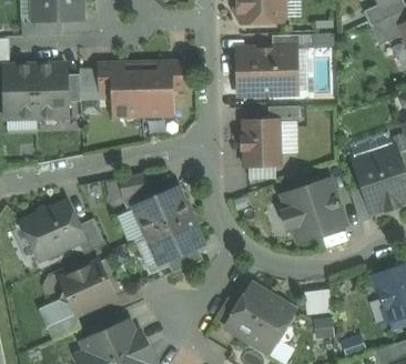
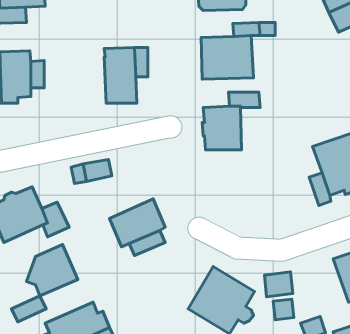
building: [97,61,142,118] -> none
building: [280,179,344,240] -> none
building: [132,186,190,234] -> none

